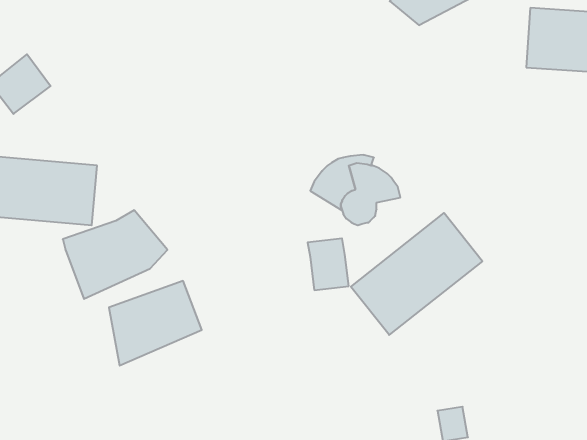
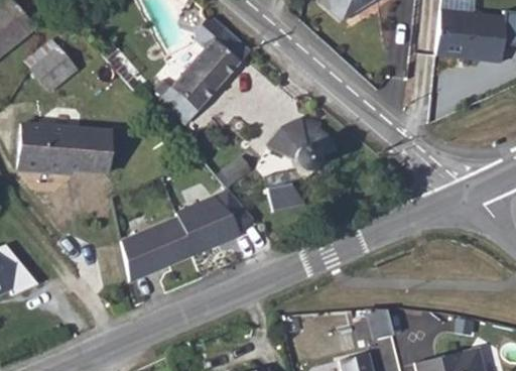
building: none -> [159,16,250,121]
building: [63,210,167,299] -> [174,187,254,254]
building: [351,213,482,335] -> none

